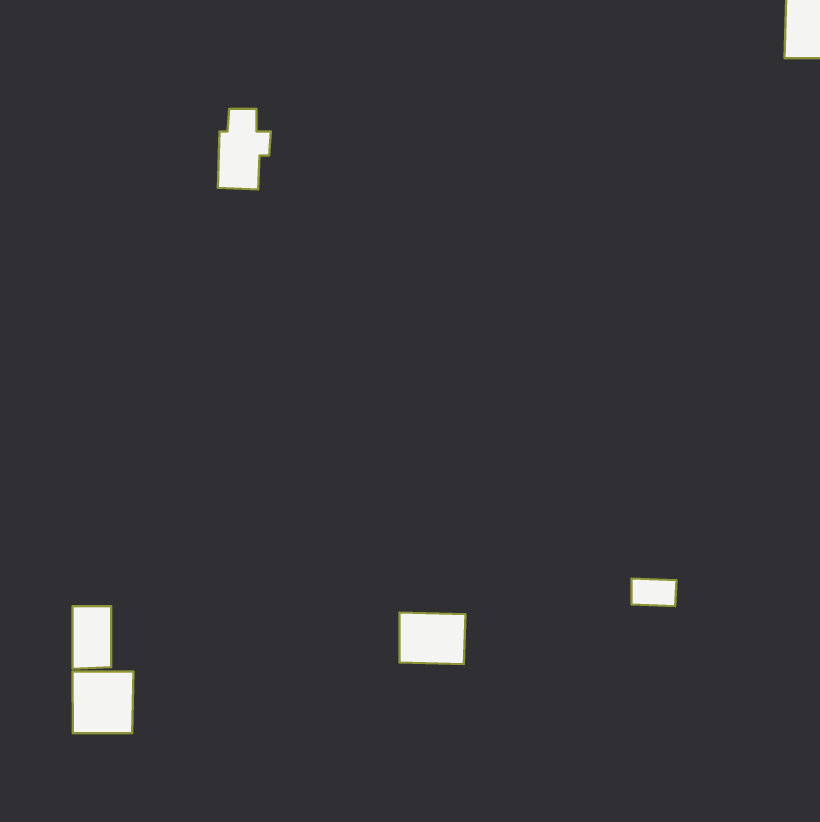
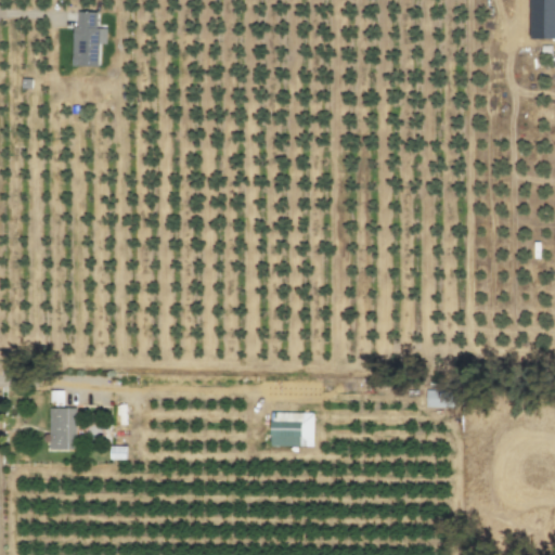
building: [218,109,271,189] -> [72,12,107,66]
building: [72,672,133,733] -> none

